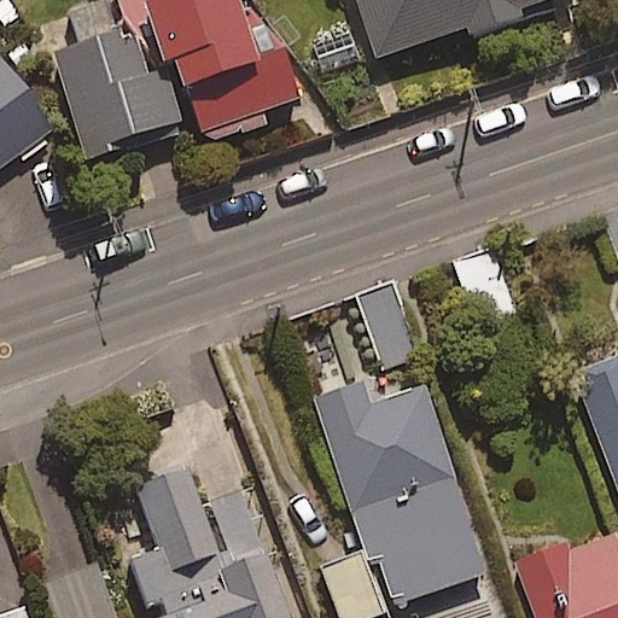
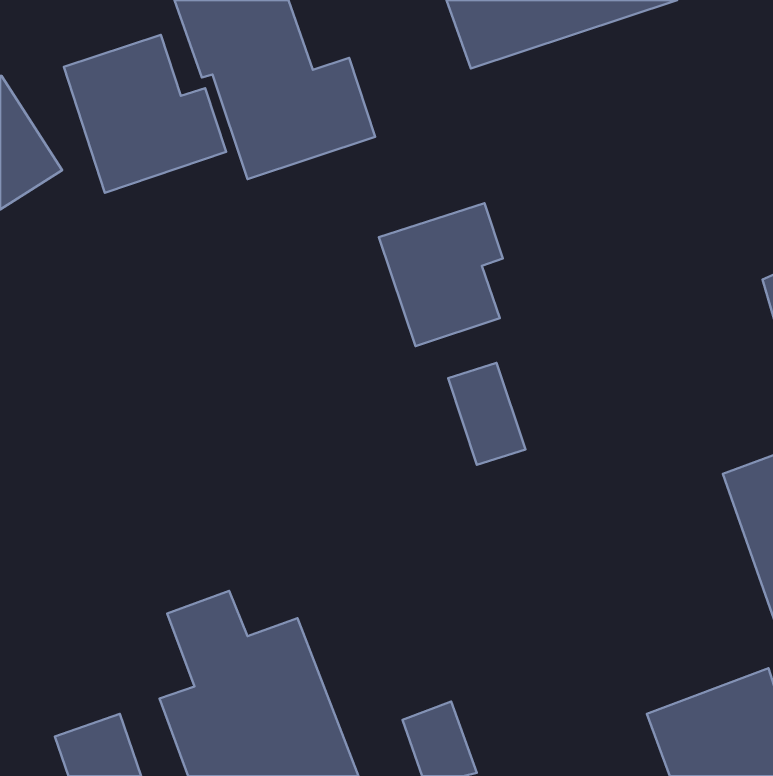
building: none -> [379,203,503,346]
building: [315,383,484,607] -> none

